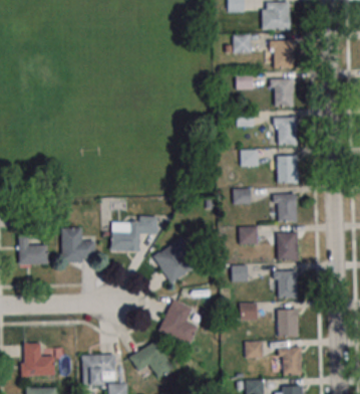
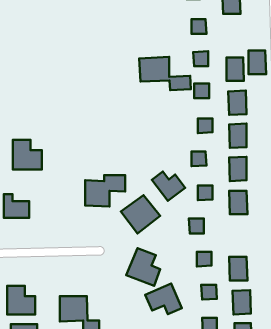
building: [273,40,293,67] -> [249,51,266,74]
building: none -> [139,57,191,90]
building: none -> [152,171,185,201]
building: [61,227,94,261] -> [13,140,42,169]
building: [277,270,297,299] -> none
building: [129,341,171,376] -> [145,284,182,314]

